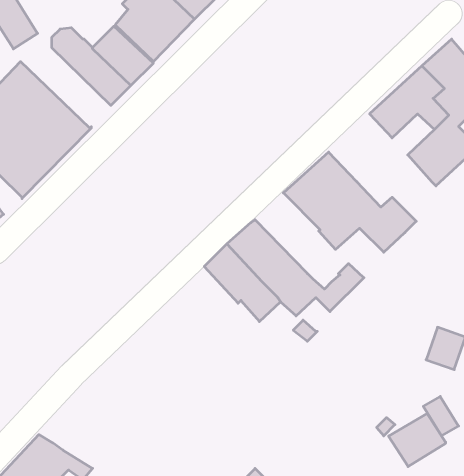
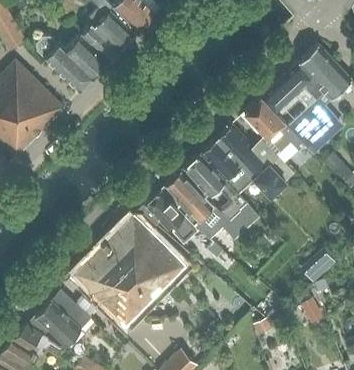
building: none -> [244,97,306,153]
building: none -> [184,155,247,222]
building: none -> [73,215,187,328]
building: none -> [28,290,91,347]
building: [389,414,446,467] -> none

